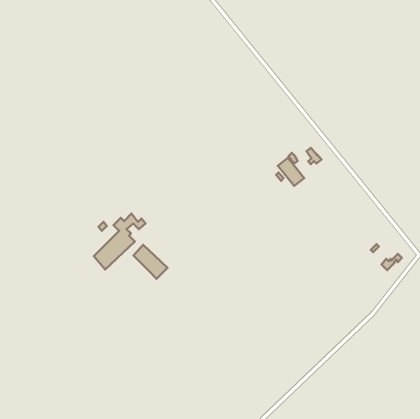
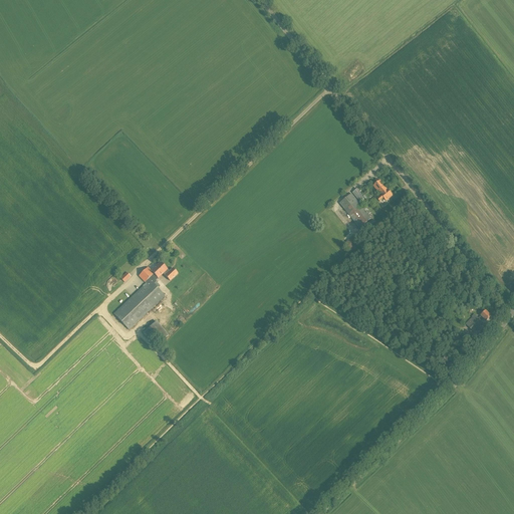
building: [133,245,167,279] -> none

